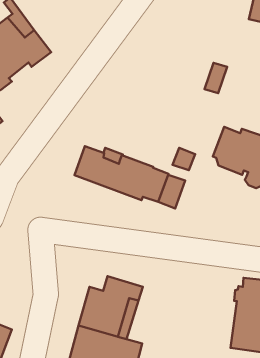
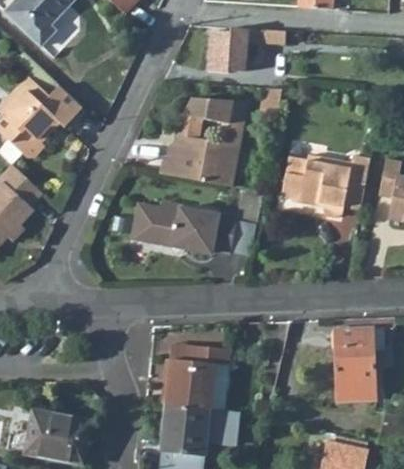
building: none -> [209,28,285,72]
building: none -> [161,98,248,186]

